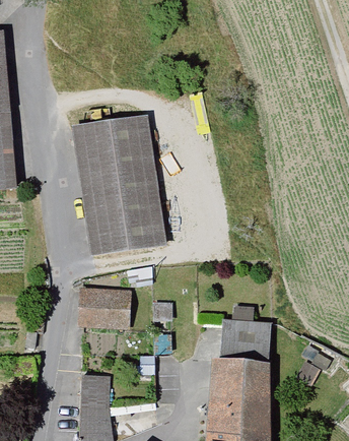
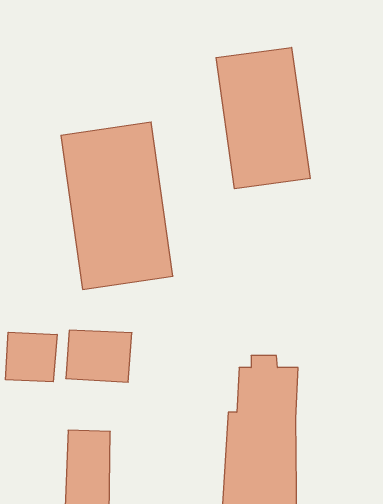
building: none -> [216,47,310,189]
building: none -> [6,332,57,382]

